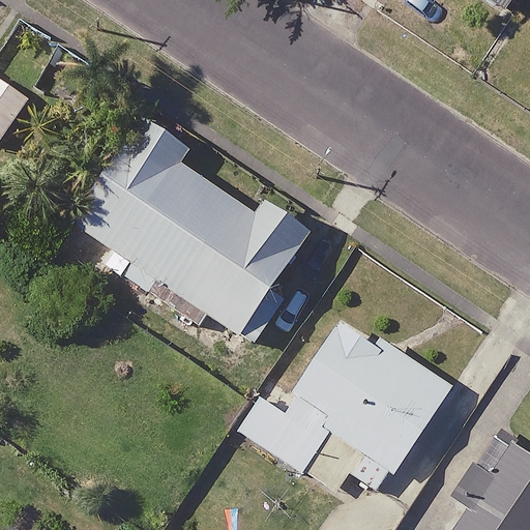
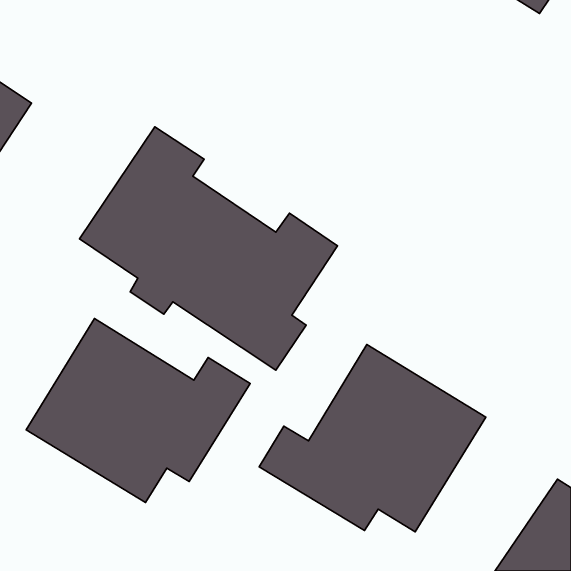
building: none -> [26,319,250,502]

